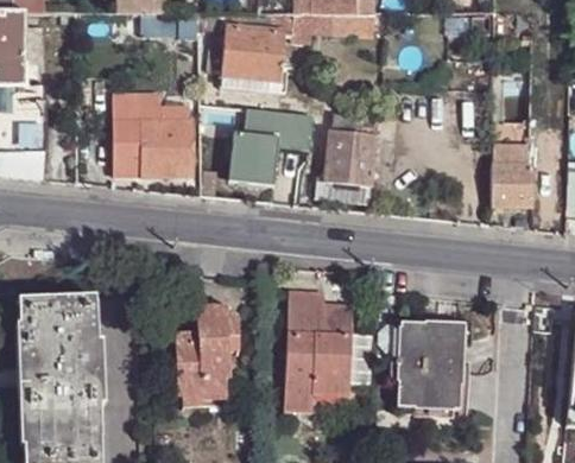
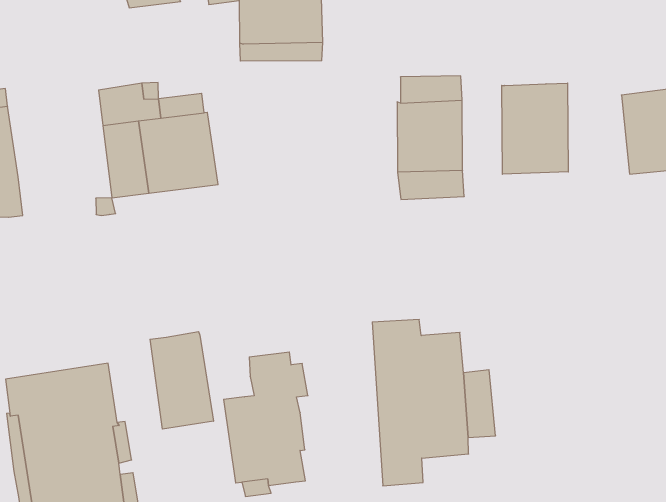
building: [228,108,312,186] -> none
building: none -> [502,83,568,174]
building: none -> [150,332,213,429]
building: [397,321,465,408] -> none

